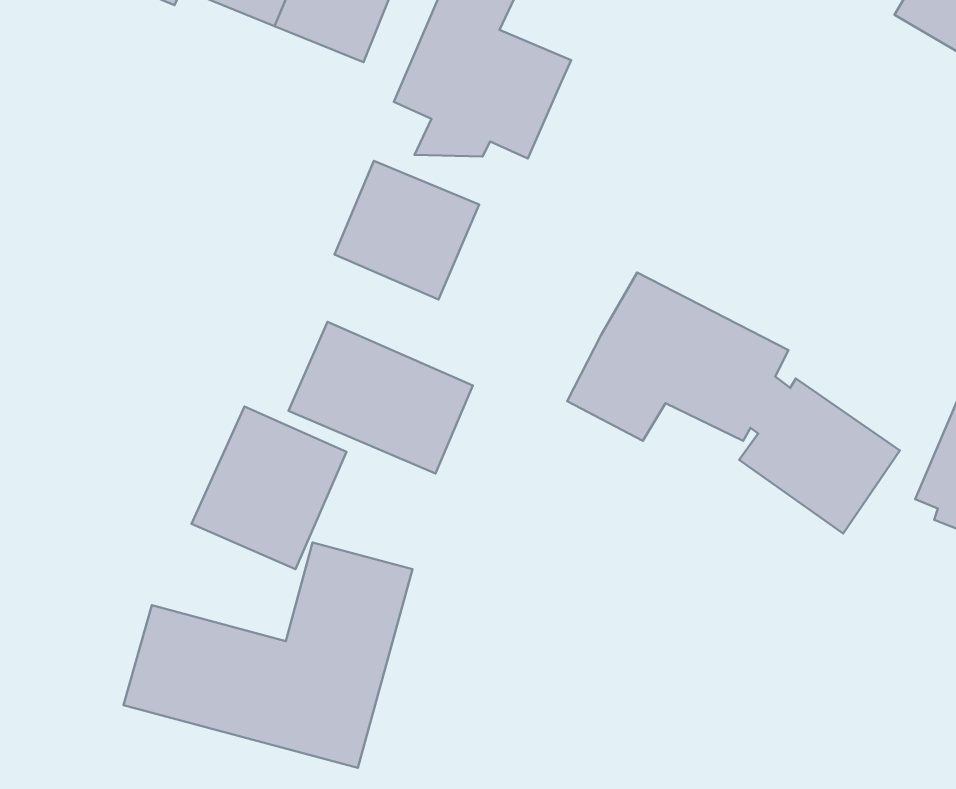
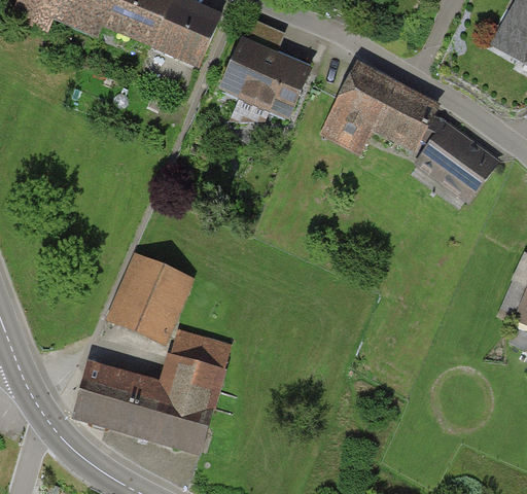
building: [335,161,479,300] -> none
building: [567,273,900,534] -> [320,61,501,203]
building: [289,322,473,474] -> none

